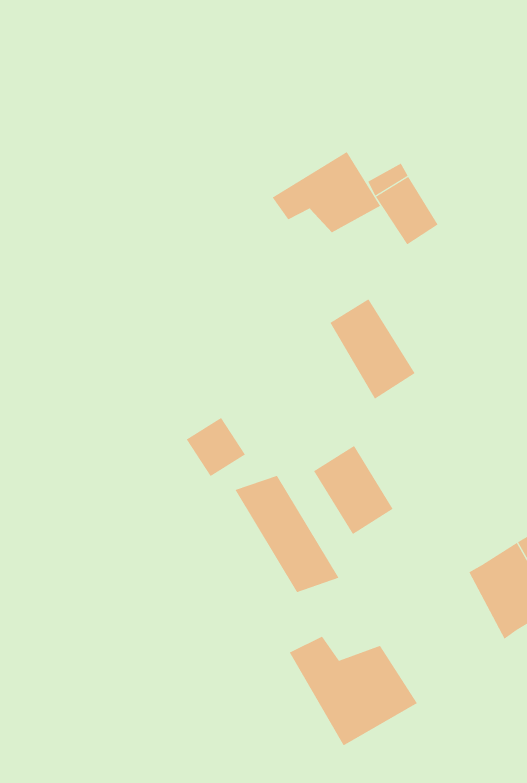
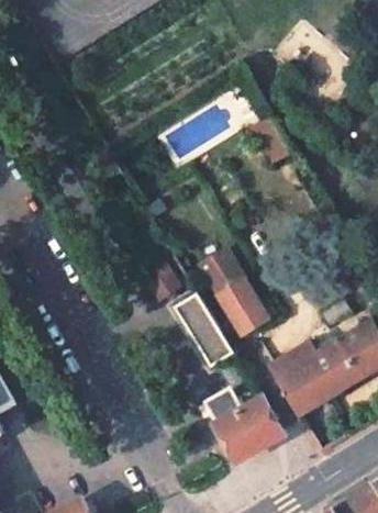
building: [272,151,381,233] -> none
building: [330,298,416,399] -> [192,237,243,297]
building: none -> [275,339,331,415]

